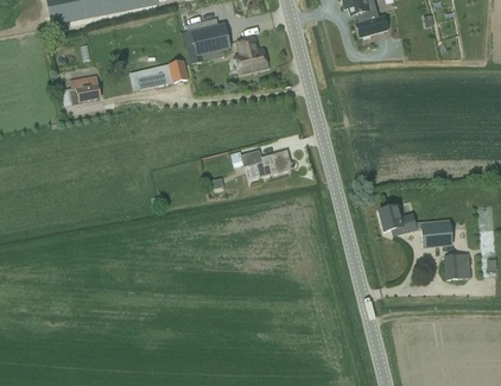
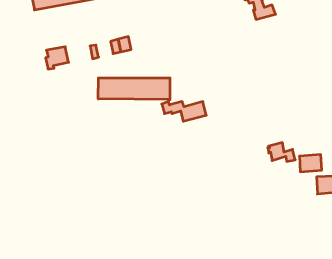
building: [183,21,232,62] -> none
building: [236,36,267,71] -> none
building: none -> [98,78,170,100]

